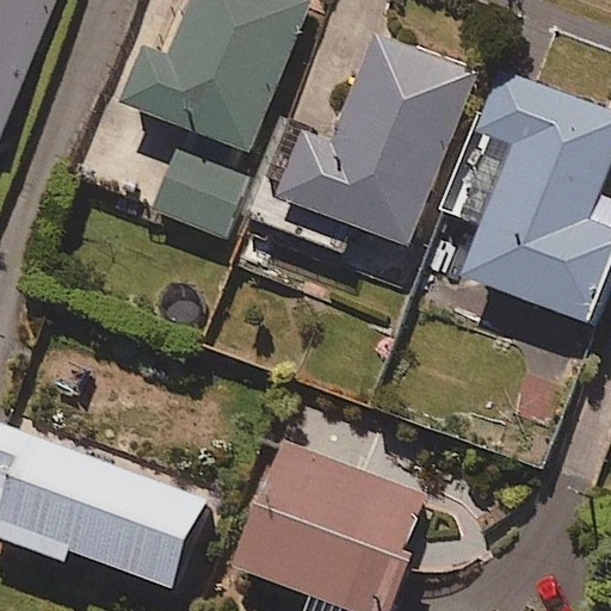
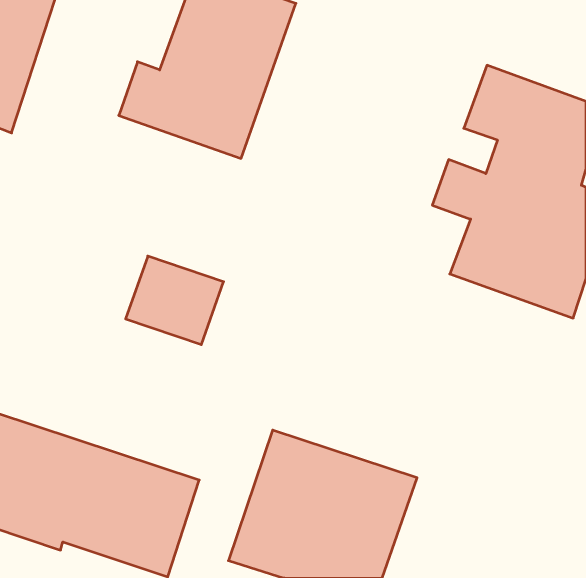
building: [278,29,471,249] -> none
building: [146,140,246,230] -> [126,256,224,345]

